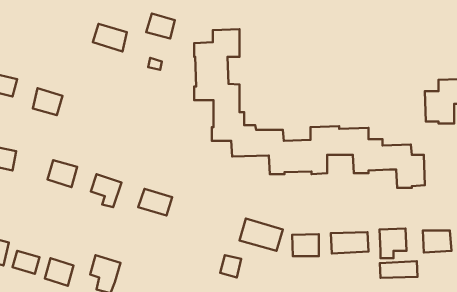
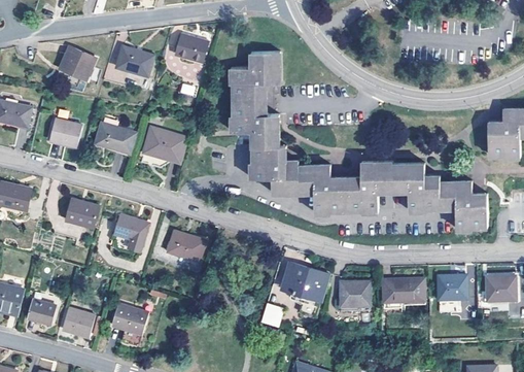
building: none -> [60,46,96,79]
building: none -> [95,123,136,154]
building: none -> [140,127,186,169]
building: [380,261,417,278] -> none

